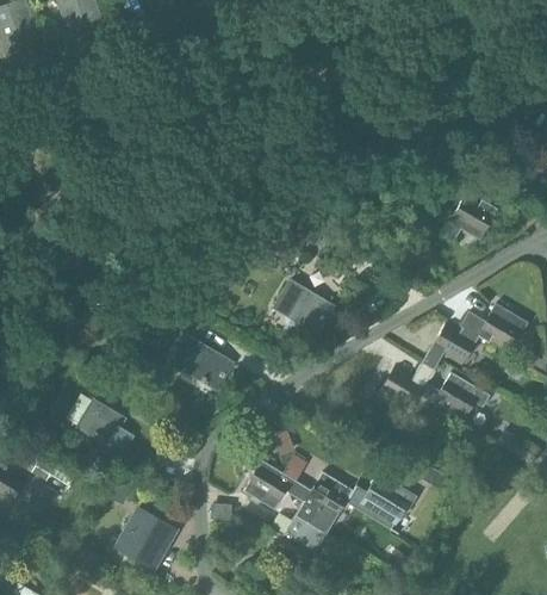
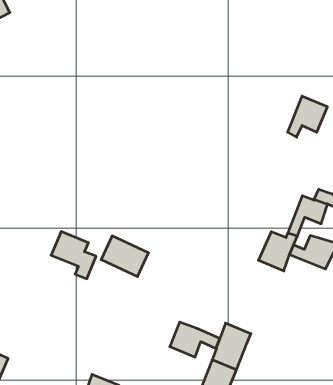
building: [282,285,334,335] -> none
building: [74,397,132,464] -> [51,232,96,279]
building: [344,481,408,529] -> none

